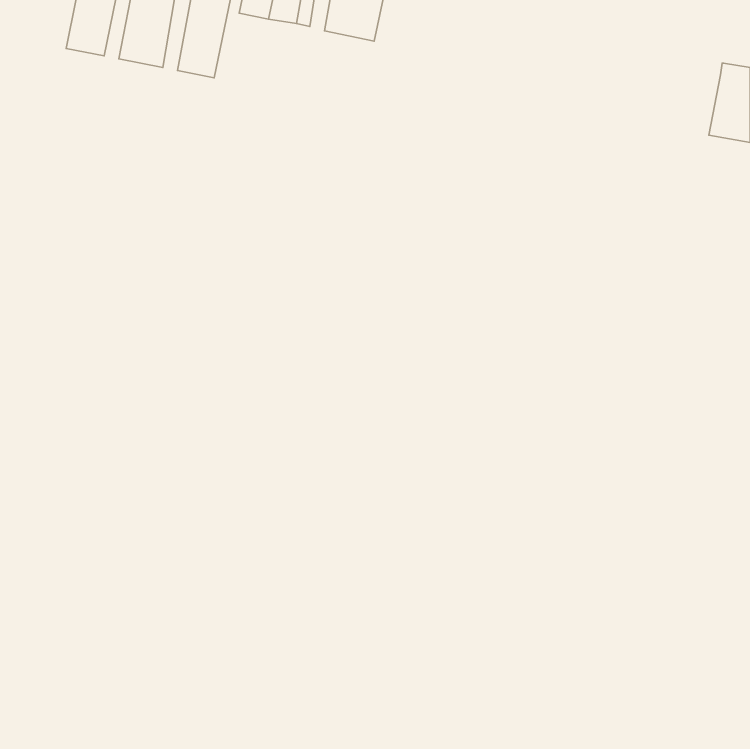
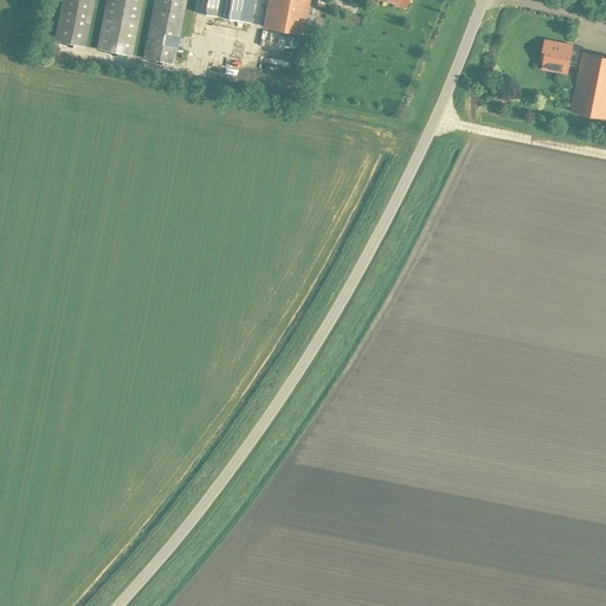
building: none -> [541,38,584,72]

